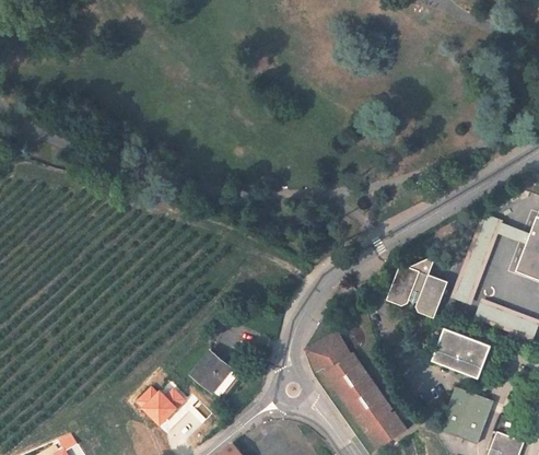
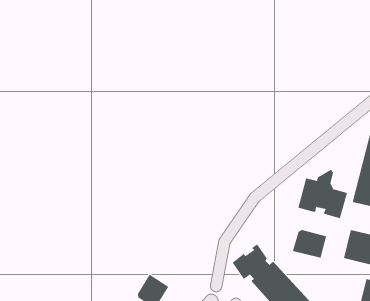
building: none -> [292,229,327,259]

